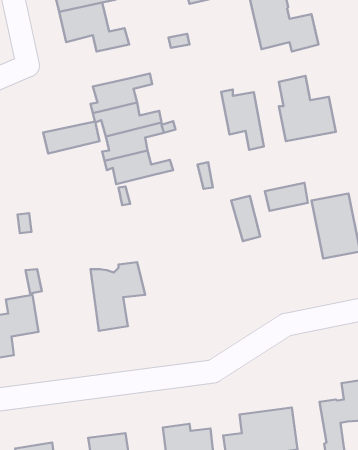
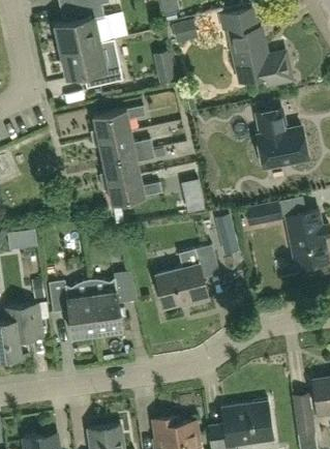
building: [221,90,264,150] -> none
building: [43,122,100,153] -> none
building: none -> [155,244,219,306]
building: none -> [49,279,96,337]

